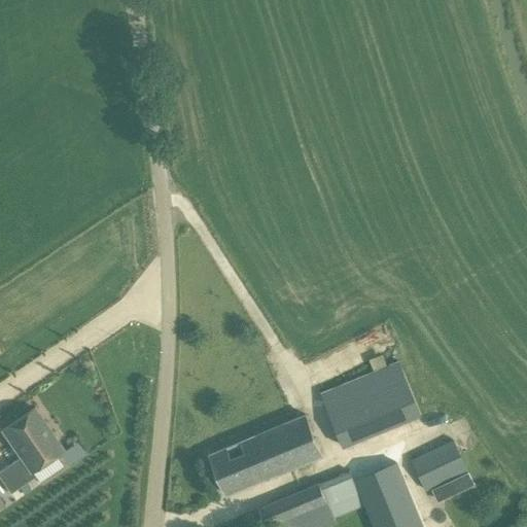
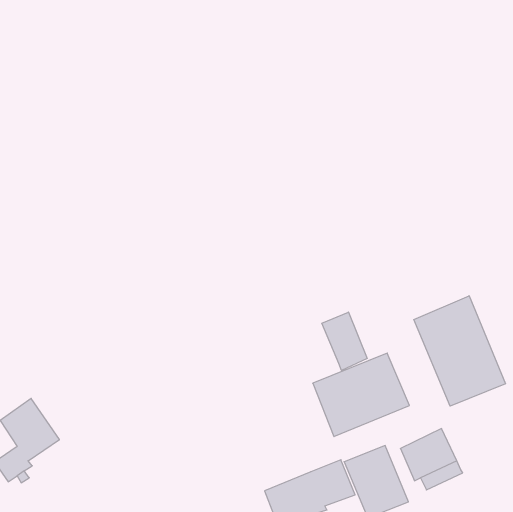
building: none -> [414,296,505,406]
building: none -> [322,312,367,370]
building: [208,417,320,496] -> none

